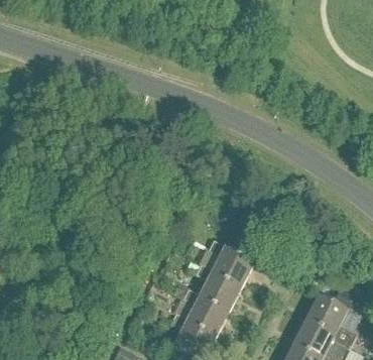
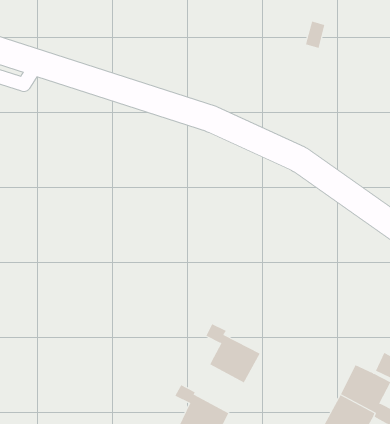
building: [208,239,252,287] -> none
building: [183,288,227,336] -> none

